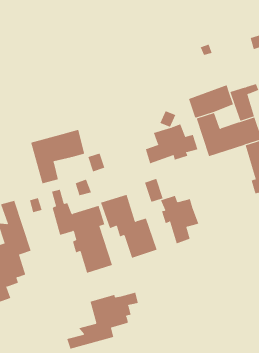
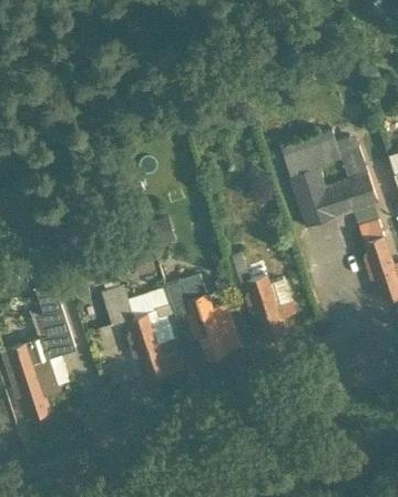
building: [145,124,198,164] -> none
building: [31,129,85,184] -> none
building: [67,292,139,350] -> none

